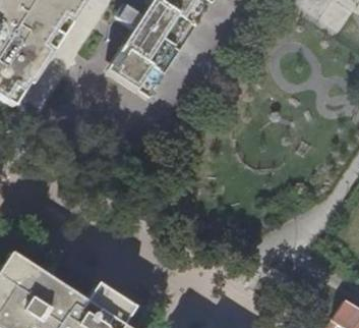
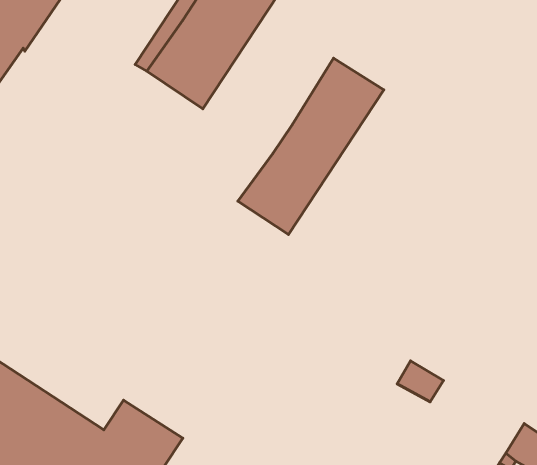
building: none -> [238,58,384,234]

